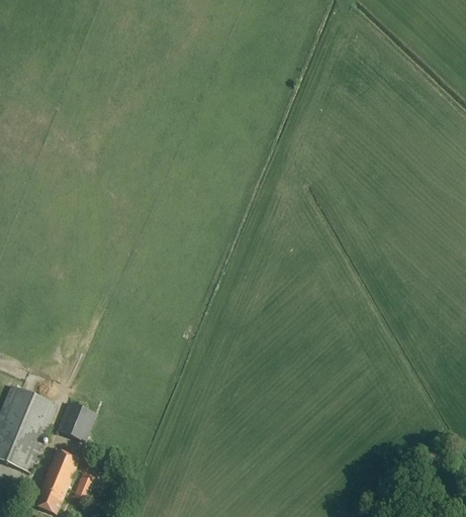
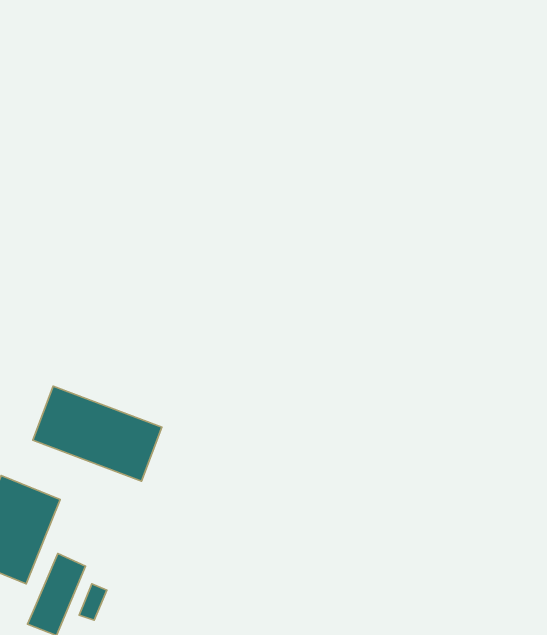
building: none -> [33,386,162,481]
building: [57,402,96,441] -> none

